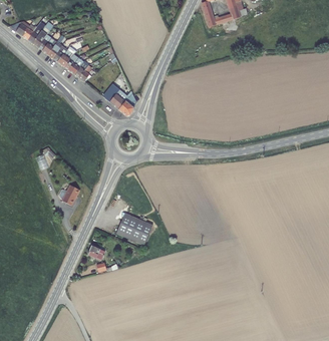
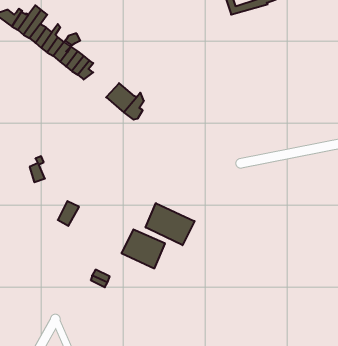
building: none -> [146,203,195,245]

